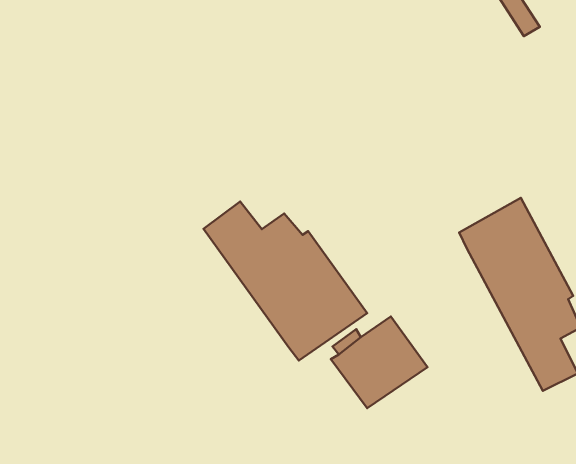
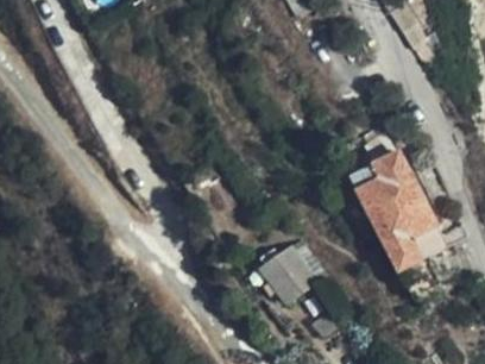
building: [204,201,367,360] -> none

